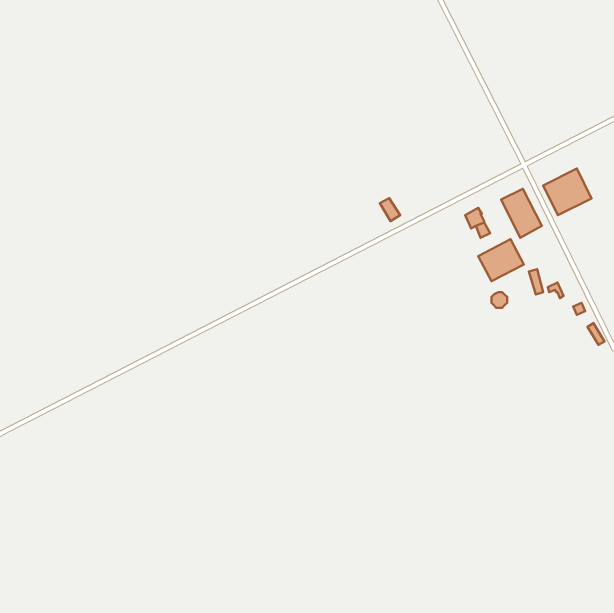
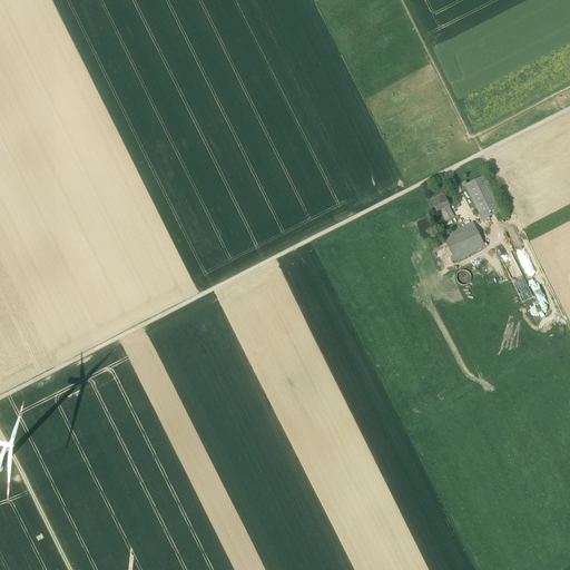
building: [543,169,592,215] -> none

